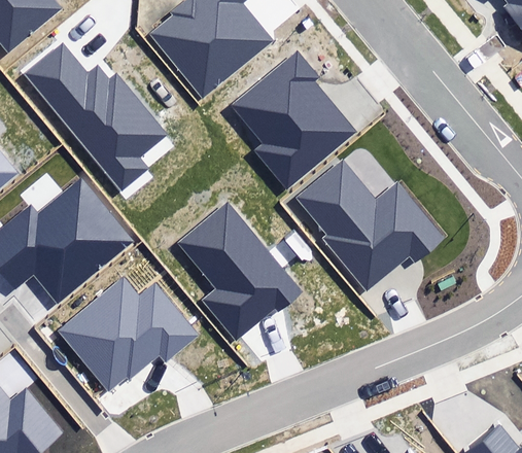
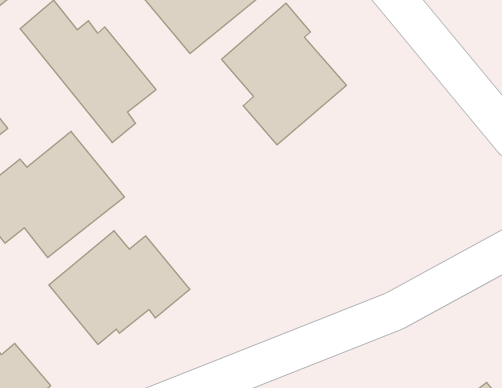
building: [297,160,447,290] -> none
building: [179,202,302,340] -> none

